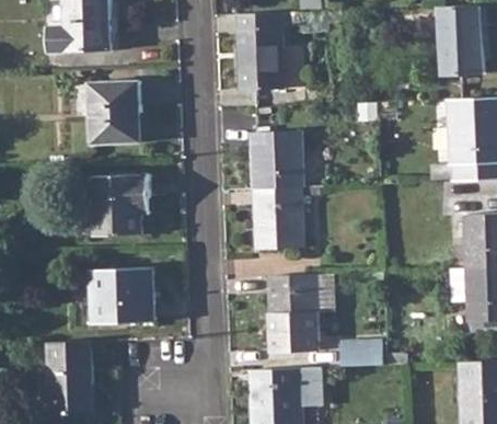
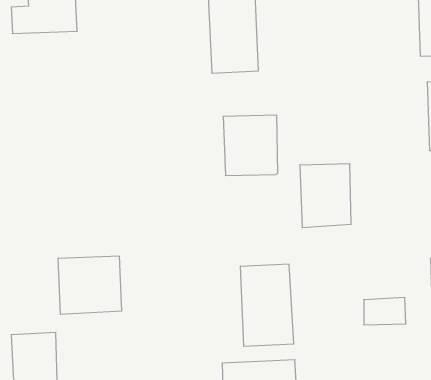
building: [89,81,141,145] -> none
building: [90,174,148,237] -> none
building: [253,188,302,250] -> [300,164,351,228]
building: [342,340,382,366] -> [364,298,406,325]

